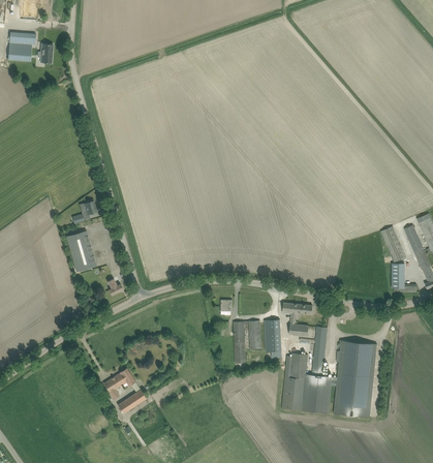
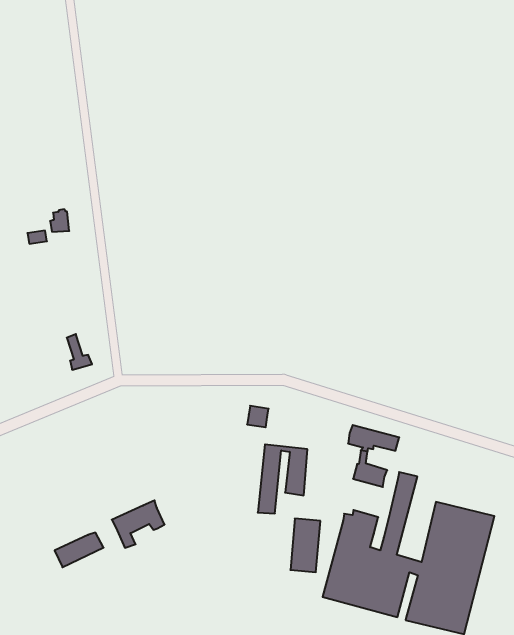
building: [65,230,96,271] -> none
building: [264,319,281,351] -> [290,519,320,572]
building: [102,368,134,399] -> [112,500,165,548]

